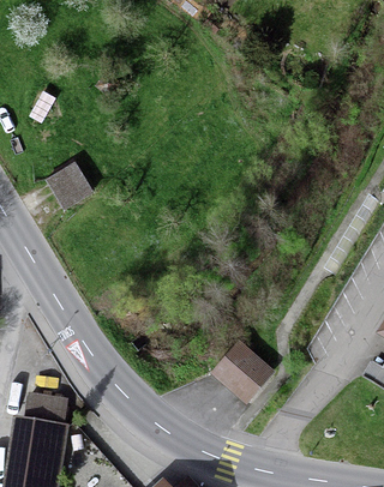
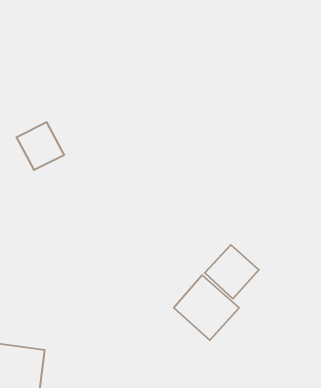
building: none -> [205,245,259,299]

